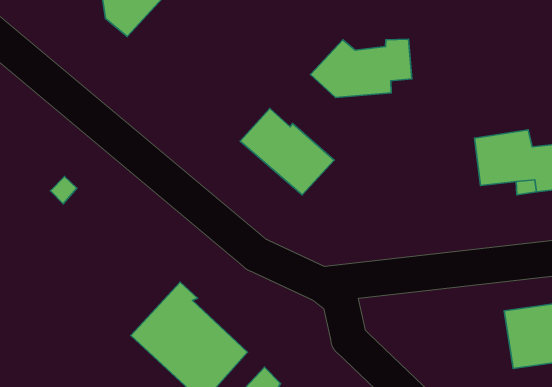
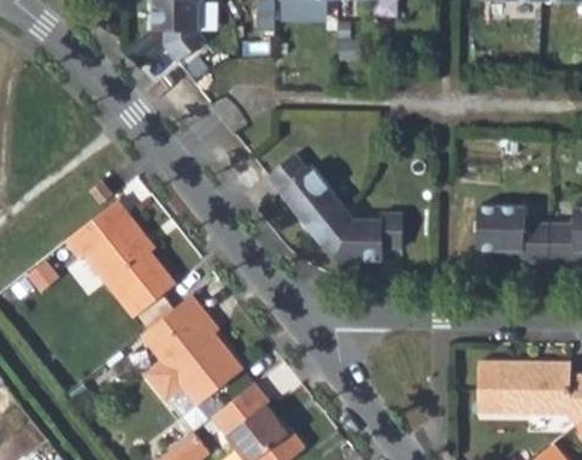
building: [311,39,412,97] -> [312,208,405,263]
building: none -> [69,200,178,317]

